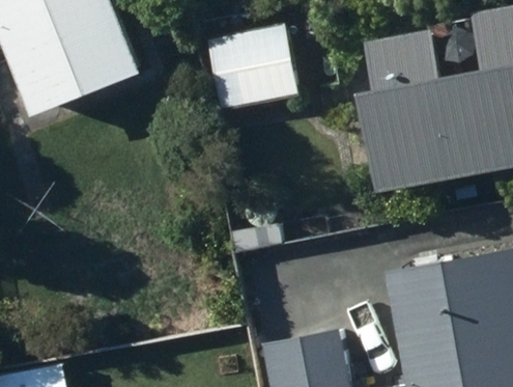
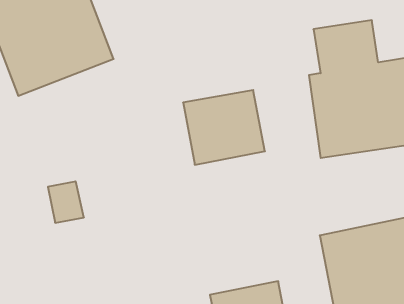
building: [201,23,295,109] -> [183,90,265,165]

